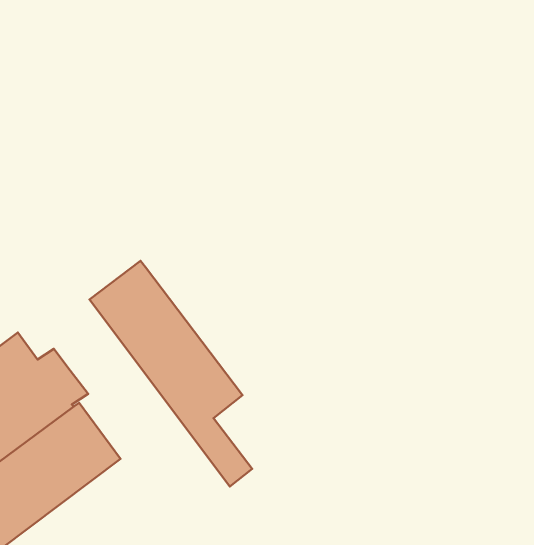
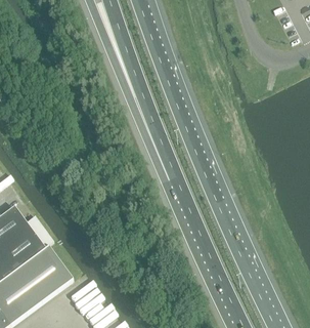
building: [90,261,252,487] -> none

